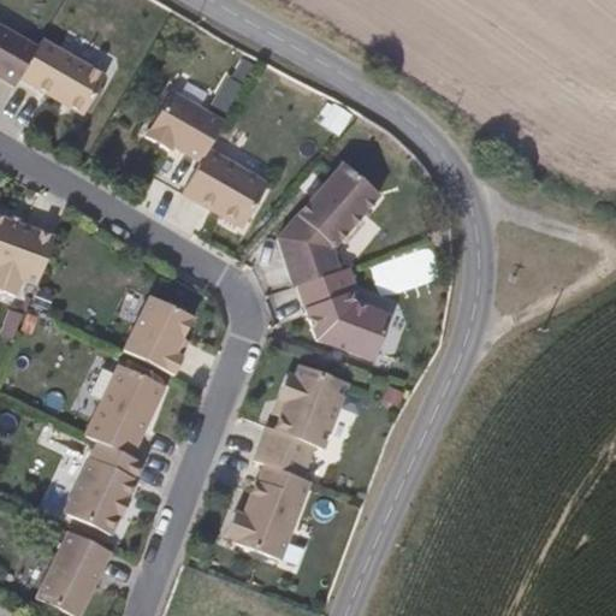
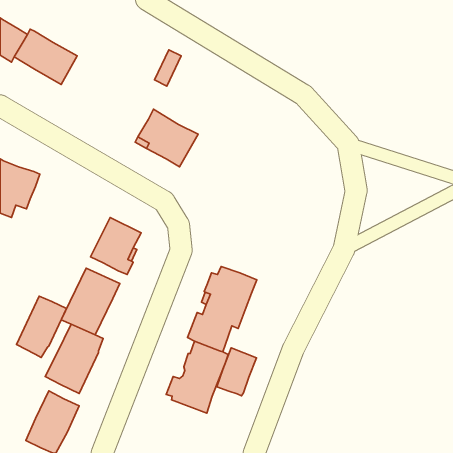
building: [146,90,225,161] -> none
building: [278,165,379,284] -> none
building: [307,292,390,361] -> none
building: none -> [16,296,67,358]
building: none -> [217,348,256,396]

